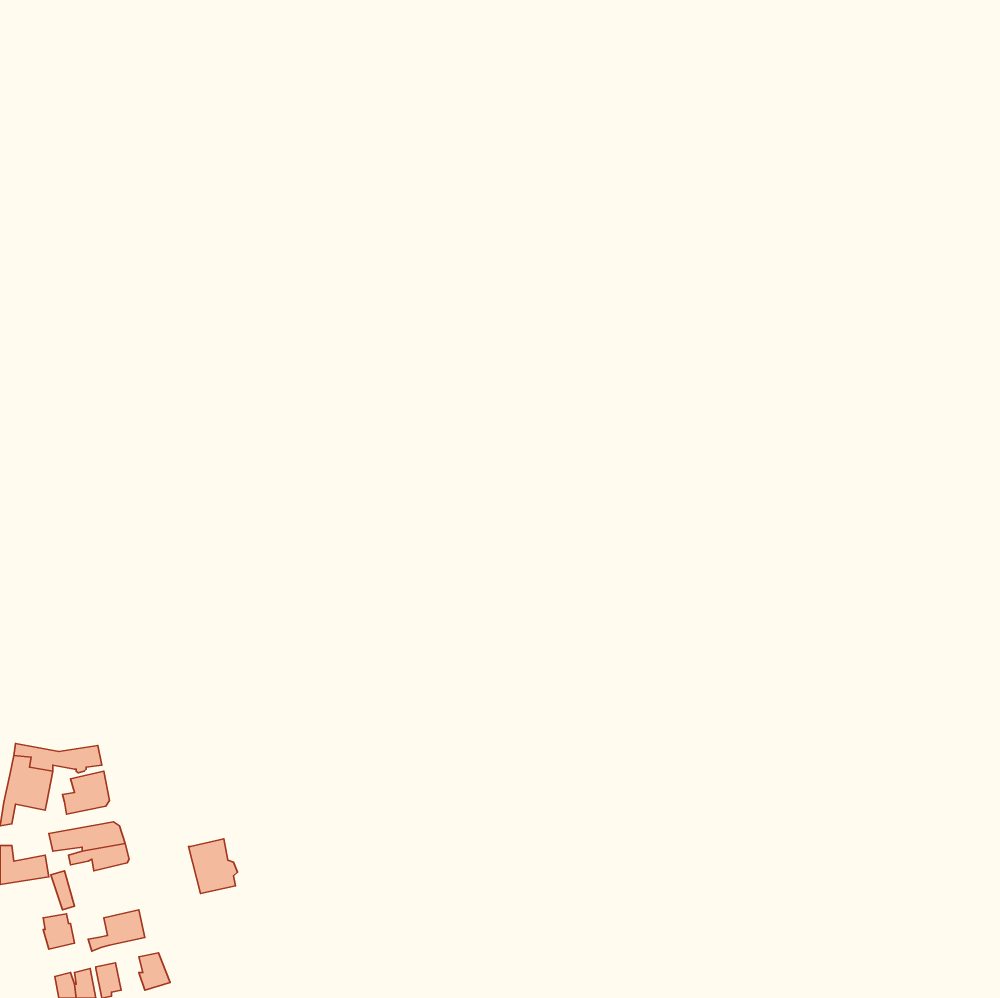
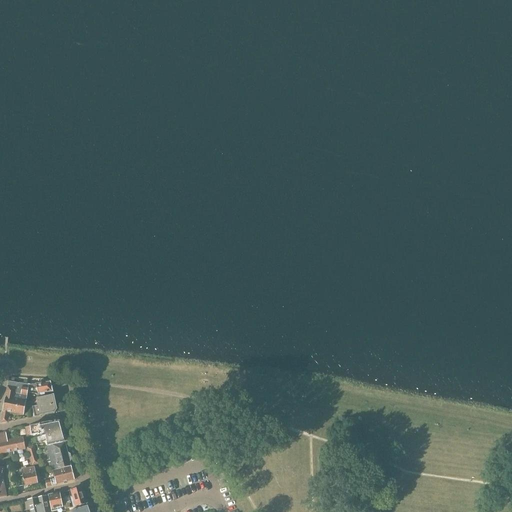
building: [189,839,238,894] -> [47,441,72,469]

